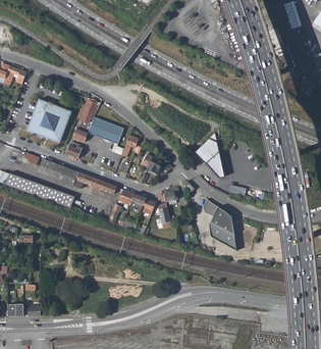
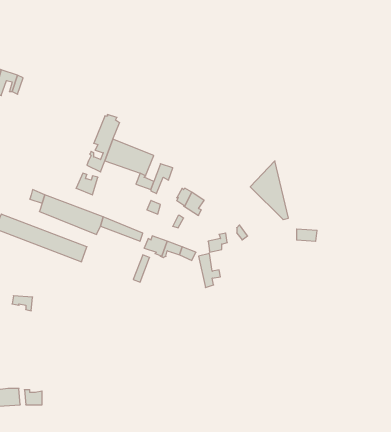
building: [29,98,70,139] -> none
building: [205,200,237,252] -> none

